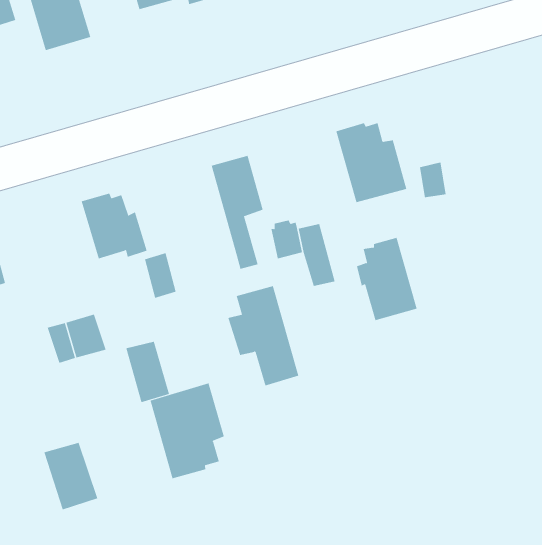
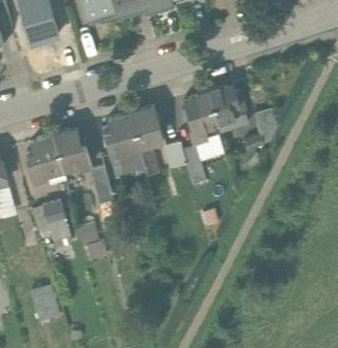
building: none -> [26,135,62,181]
building: [356,237,417,321] -> [180,93,217,144]
building: [227,285,299,386] -> [102,114,145,175]
building: [150,383,225,479] -> none

